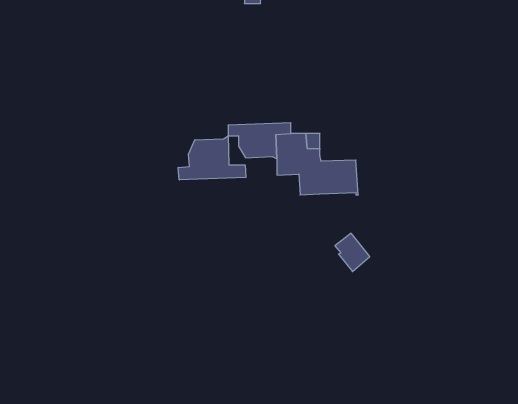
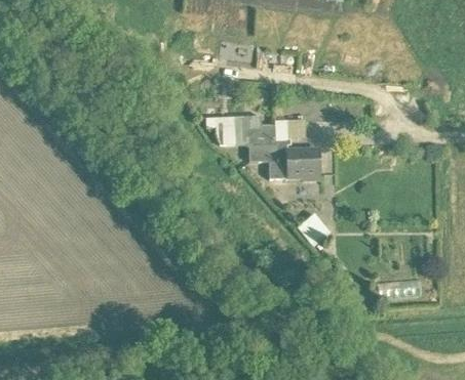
building: [178,136,246,180] -> none

